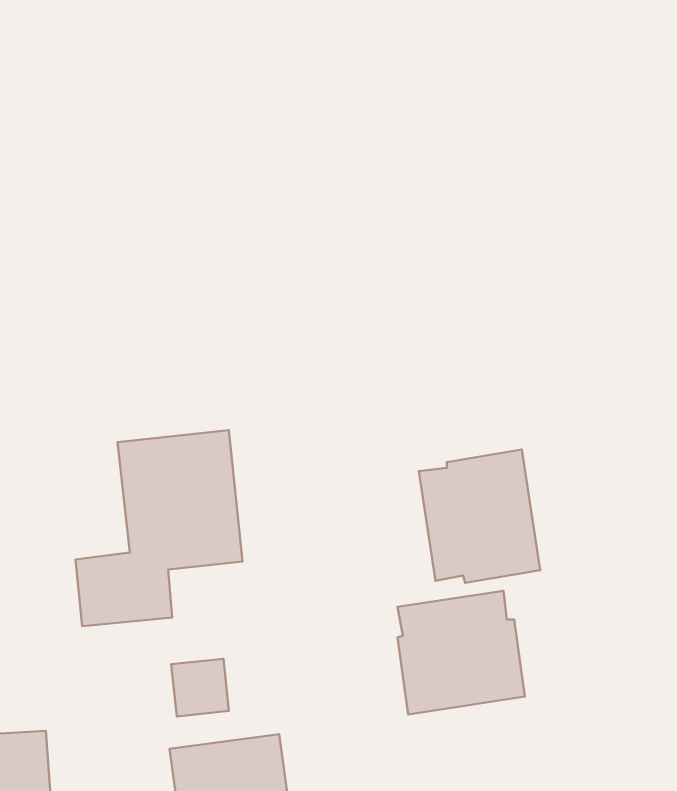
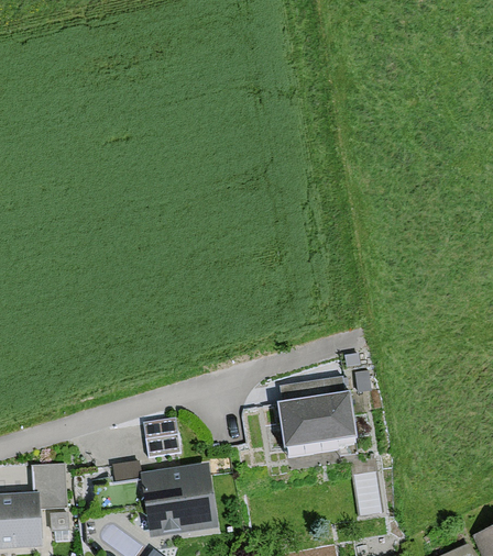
building: [75,430,243,626] -> none
building: [419,450,540,583] -> none

